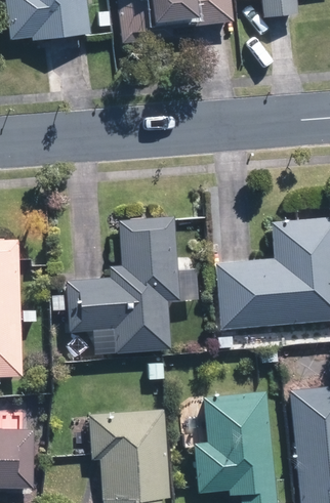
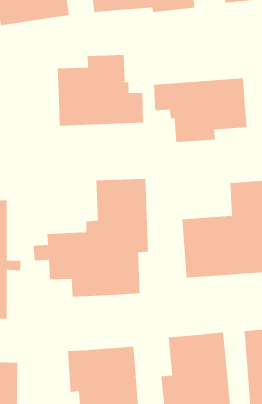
building: none -> [57,54,144,126]
building: none -> [154,77,247,143]

